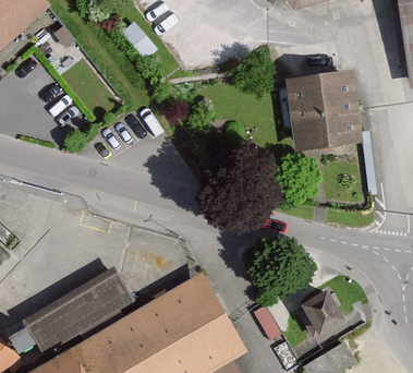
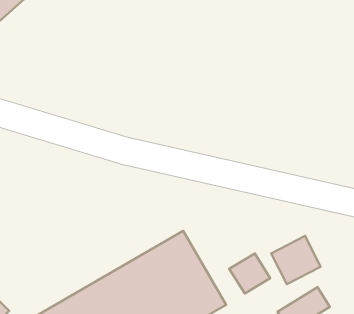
building: [287,71,353,145] -> none
building: [20,268,133,356] -> none

